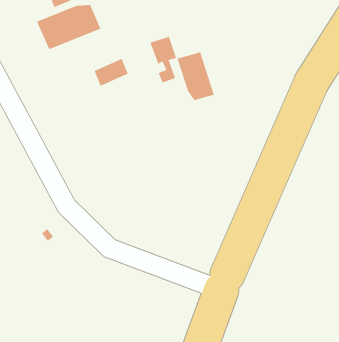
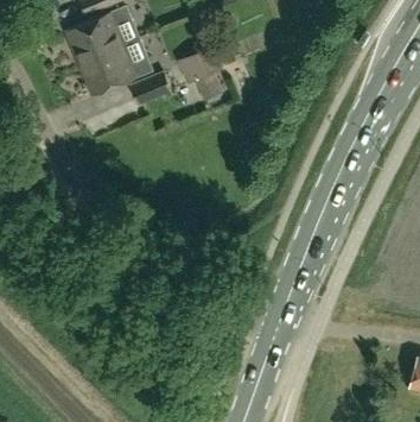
building: none -> [78,38,148,94]
building: [177,52,214,101] -> none

